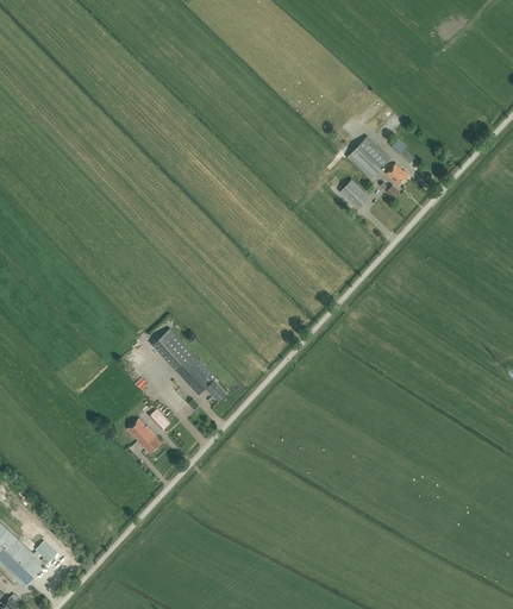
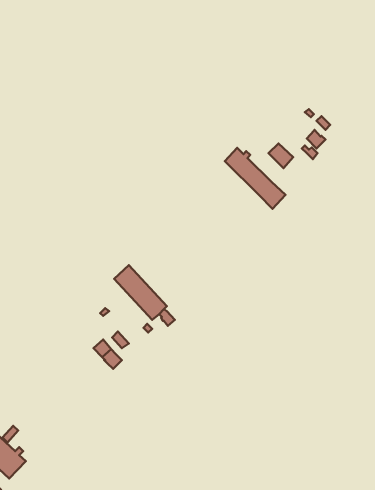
building: [348,136,390,178] -> none
building: none -> [225,148,286,209]

